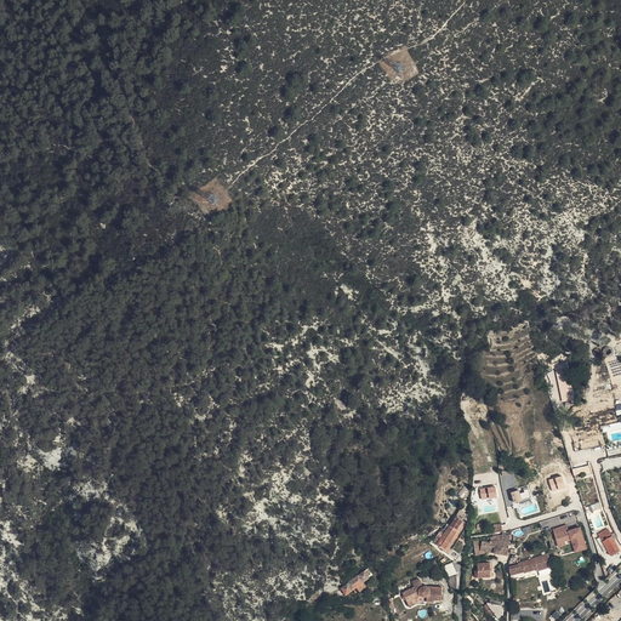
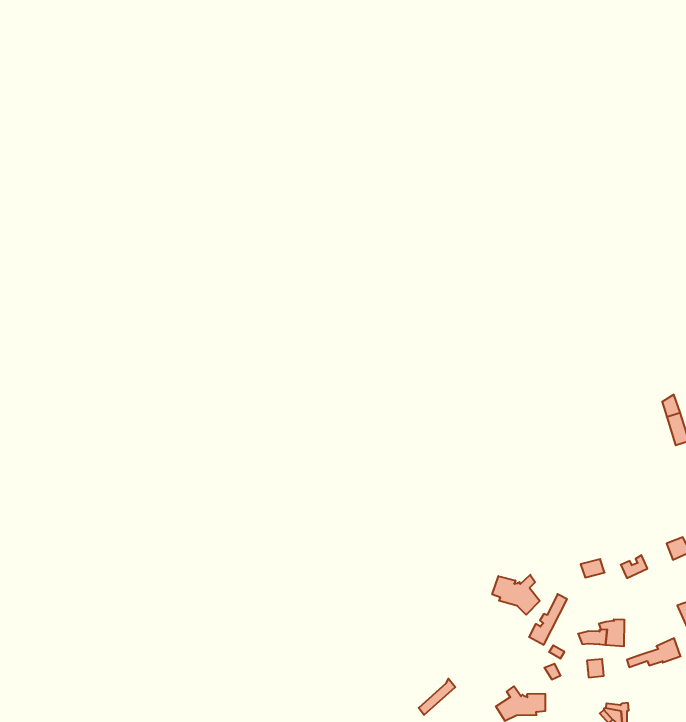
building: none -> [492,575,540,615]

